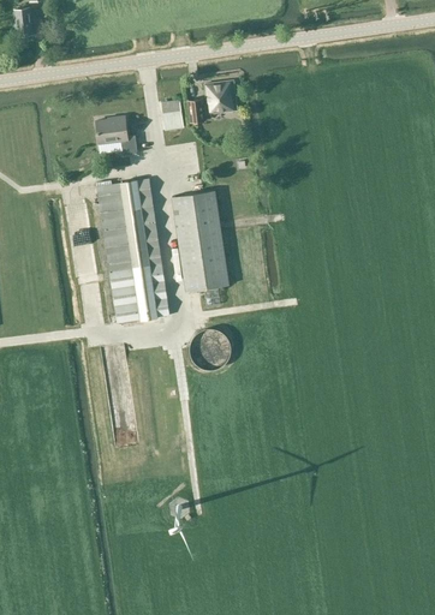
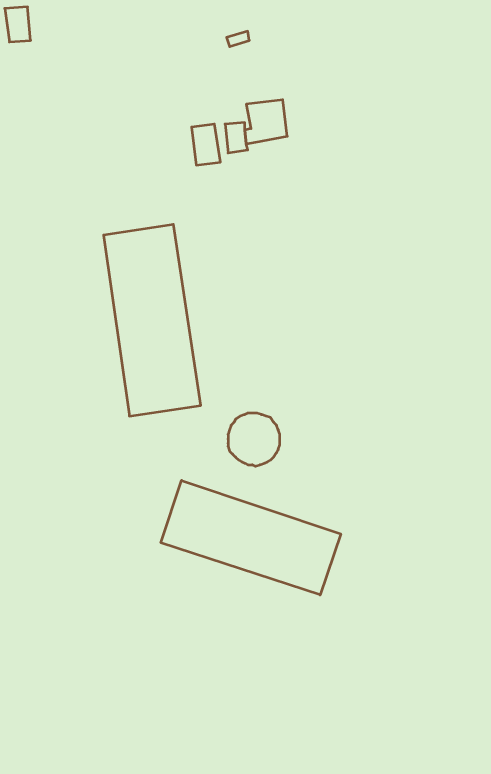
building: [96,117,137,155] -> none
building: [172,190,228,291] -> none
building: none -> [161,480,341,595]

